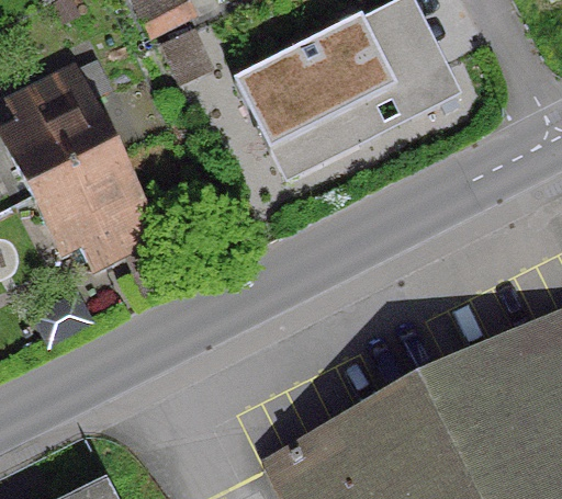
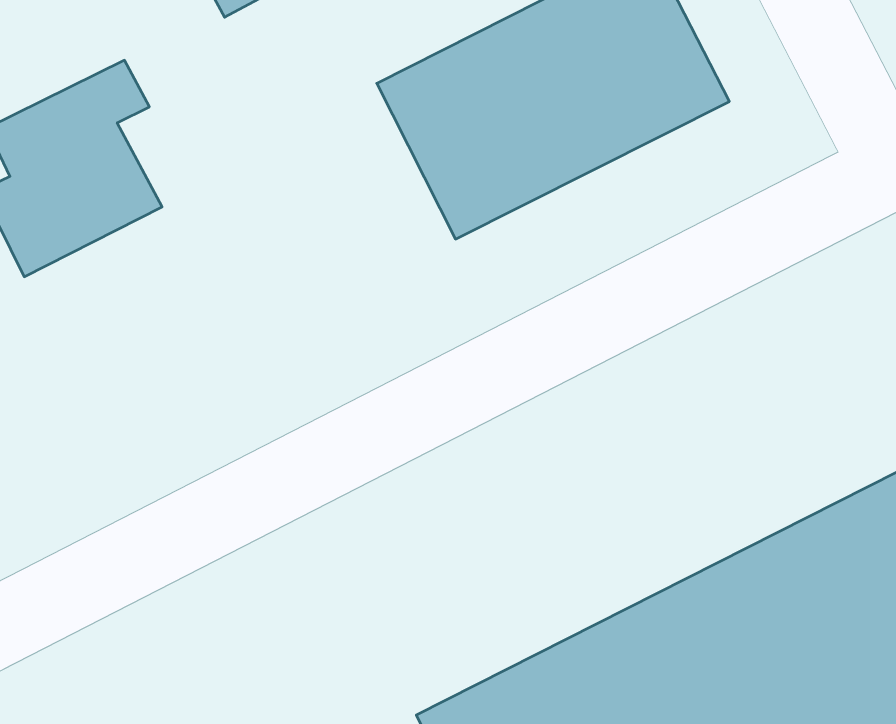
building: [25,151,178,269] -> none

